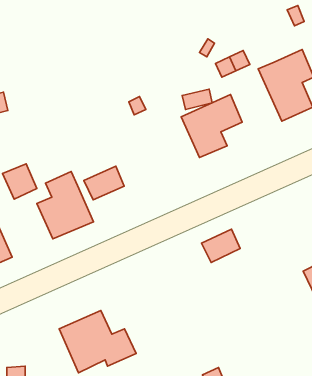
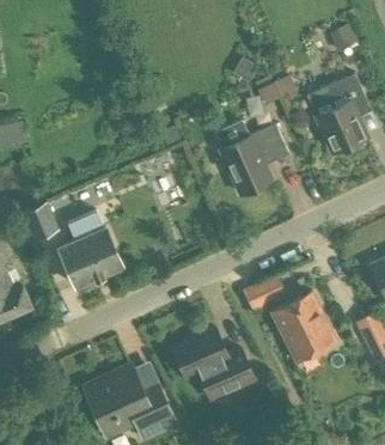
building: [84,166,124,200] -> none
building: none -> [273,292,336,360]
building: none -> [171,328,253,400]

